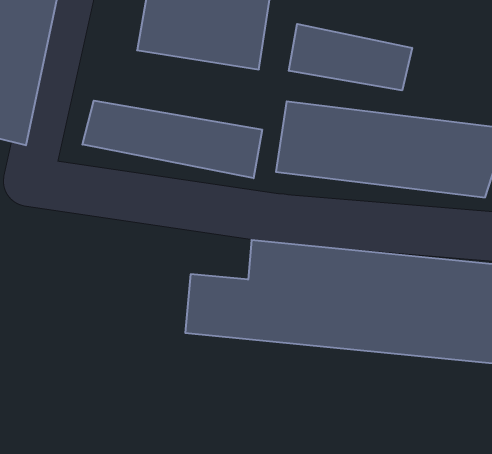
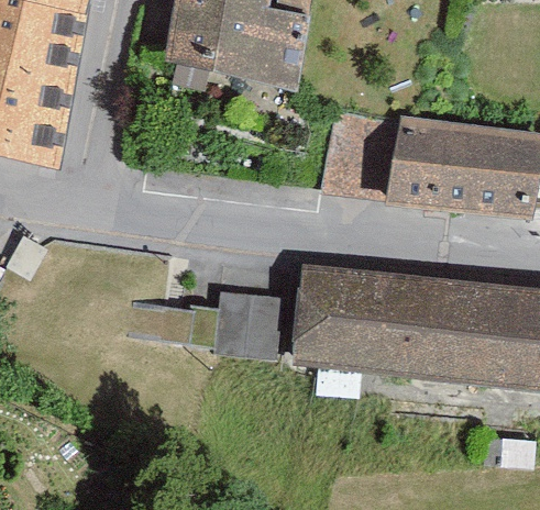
building: [289,24,412,90] -> none
building: [82,101,262,178] -> none

